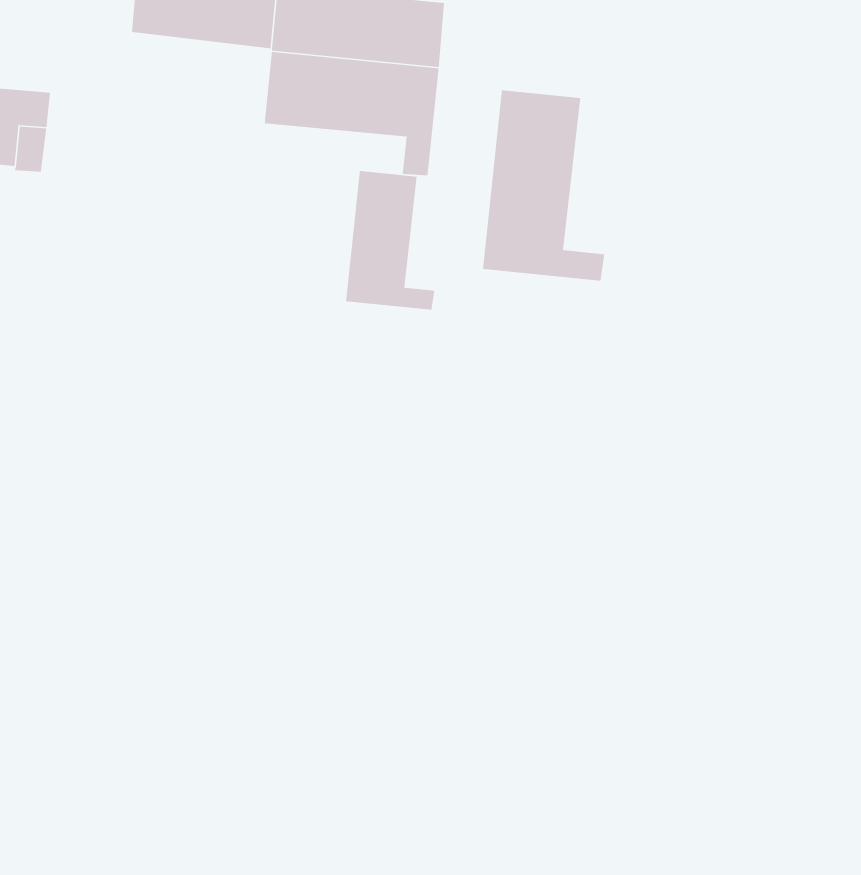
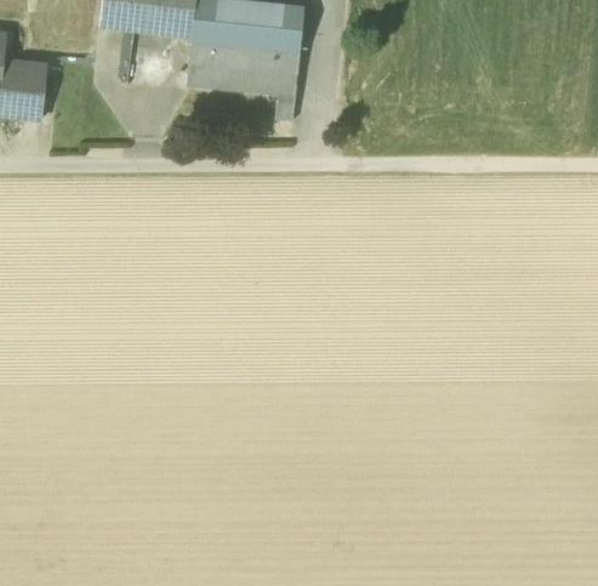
building: [482,89,605,282] -> none
building: [345,170,435,311] -> none

